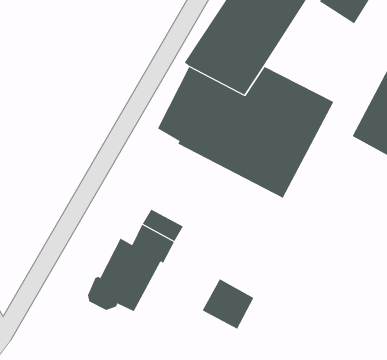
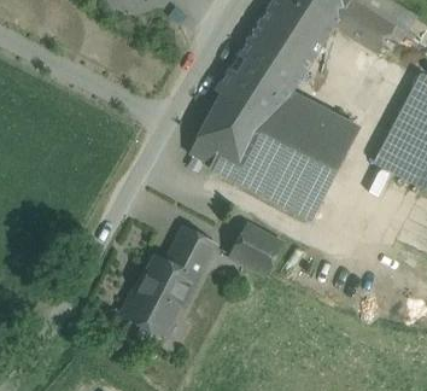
building: [202,279,254,330] -> [230,226,280,274]

